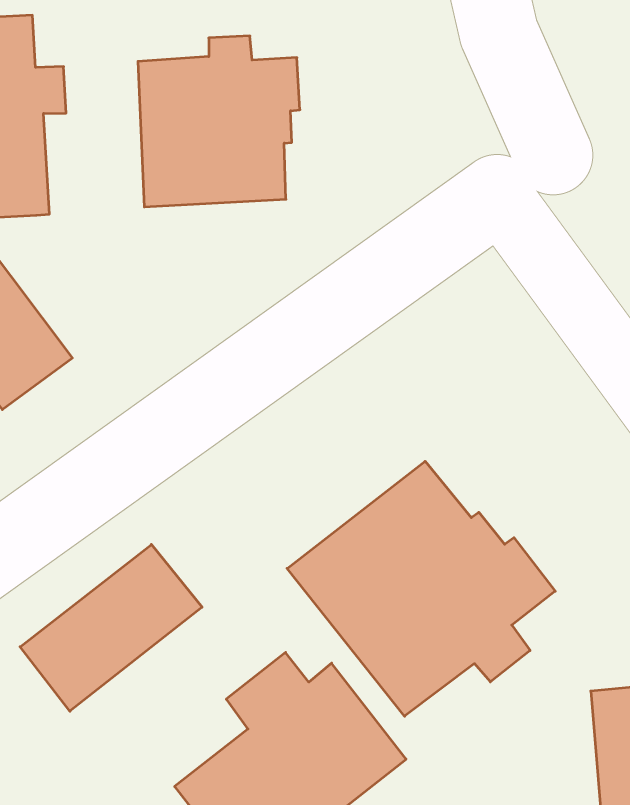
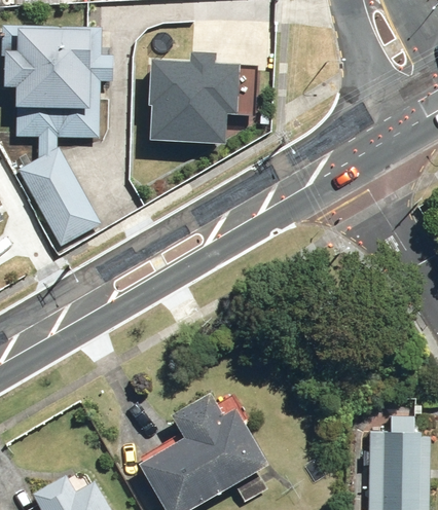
building: [287,461,555,716] -> none
building: [20,544,202,711] -> none

